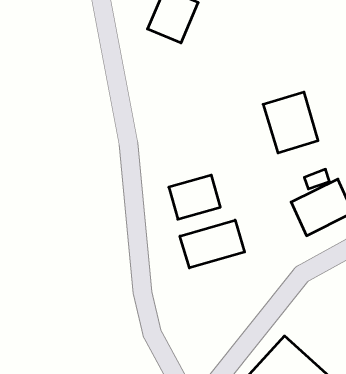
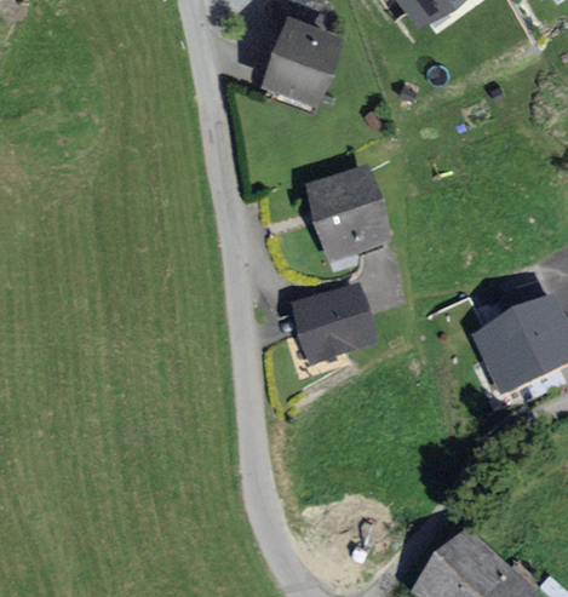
building: [263,92,318,153] -> [306,172,388,262]
building: [180,220,245,268] -> none

